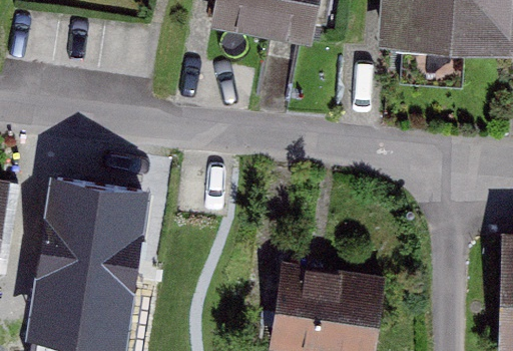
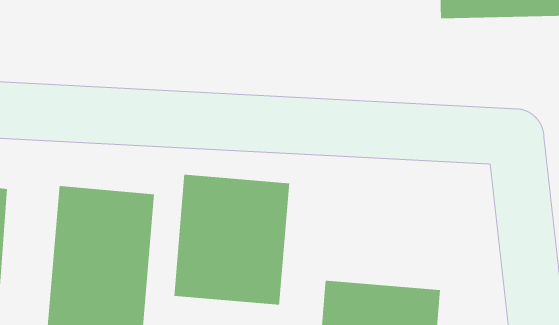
building: none -> [174,174,290,306]

